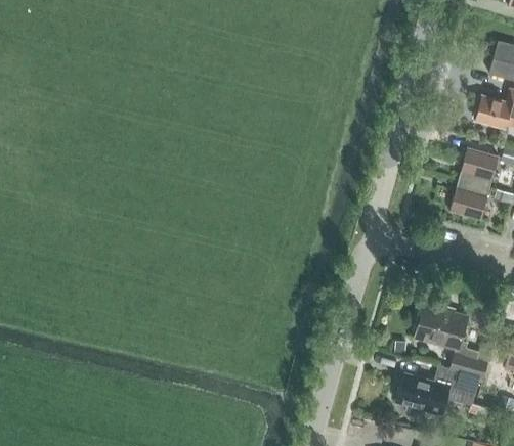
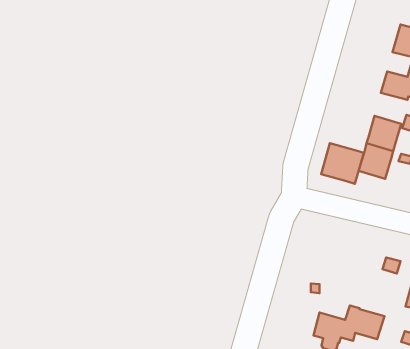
building: none -> [321,143,364,184]
building: [417,304,492,378] -> none

